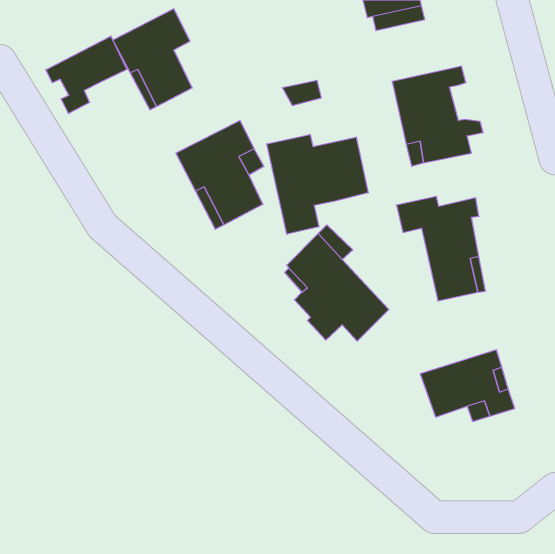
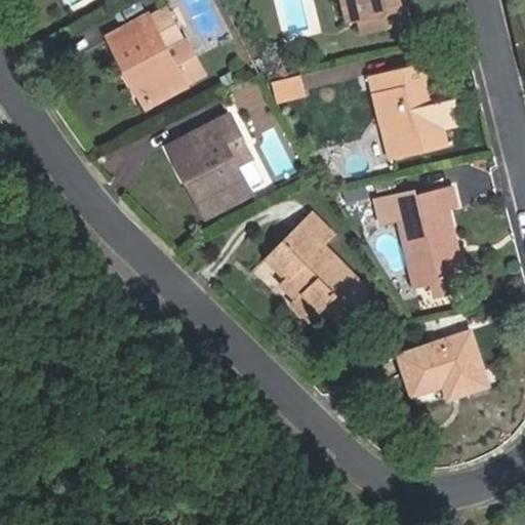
building: [46,36,127,114] -> none
building: none -> [164,38,202,84]
building: [267,134,368,234] -> none

